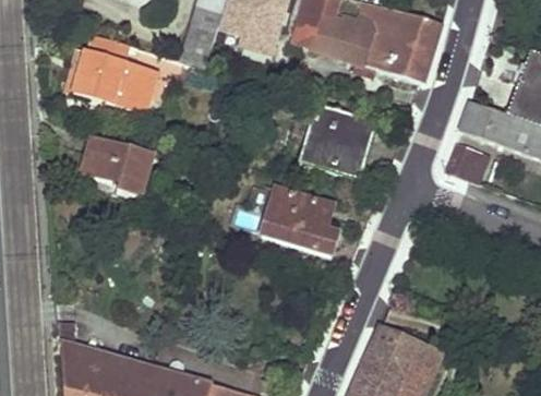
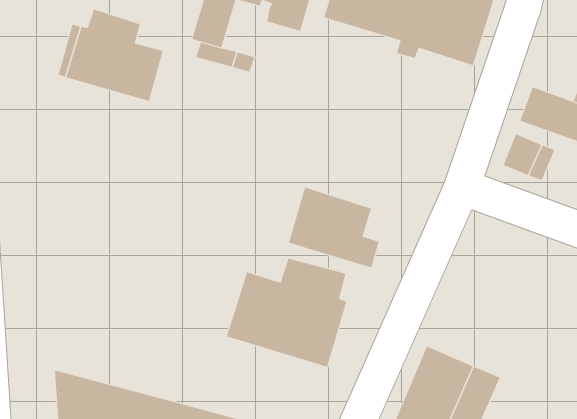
building: [310,105,376,178] -> none
building: [82,135,153,197] -> none
building: none -> [226,258,347,368]

